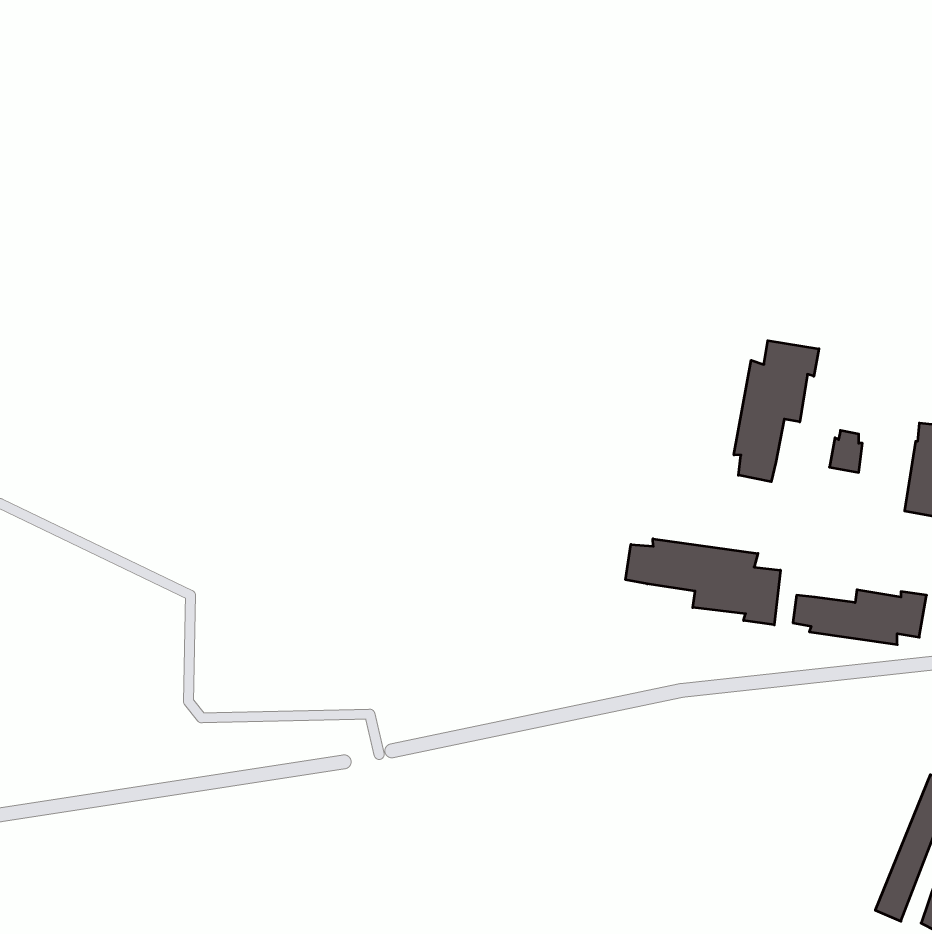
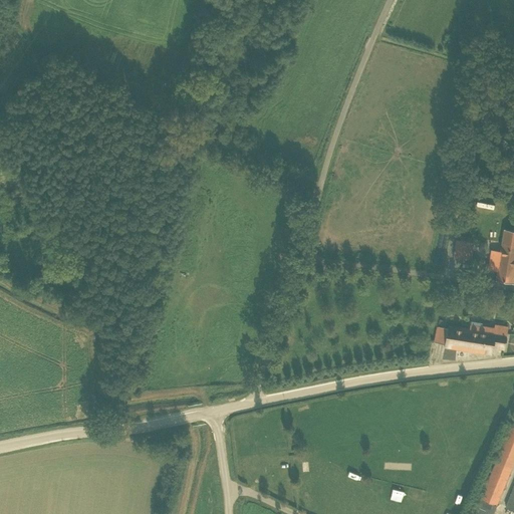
building: [734,341,819,482] -> none
building: [626,539,780,625] -> none

